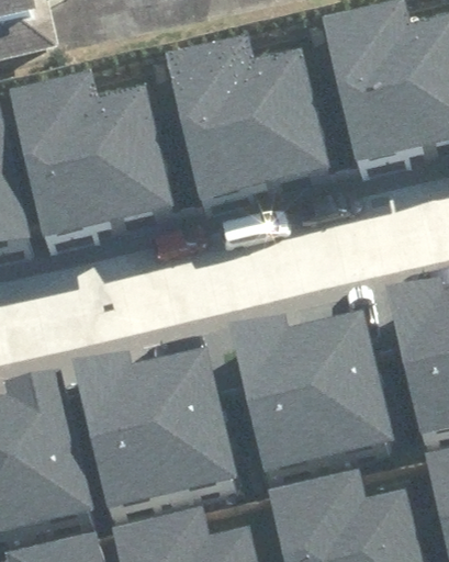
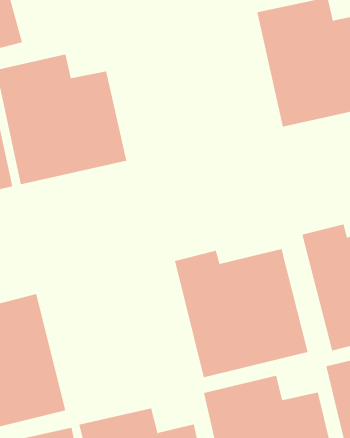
building: [162,34,327,195] -> none
building: [74,351,240,513] -> none

